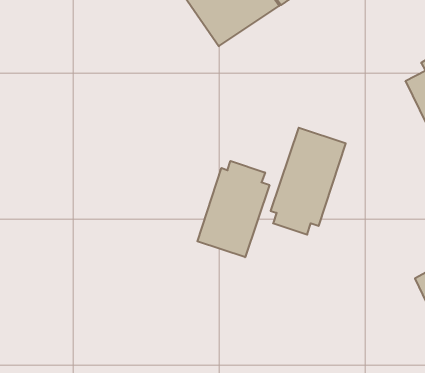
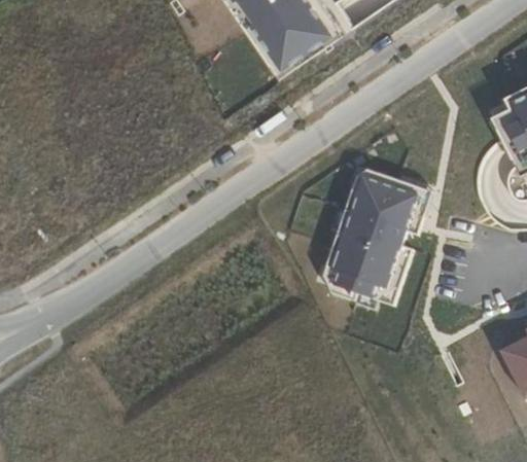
building: [197,161,269,257] -> none

